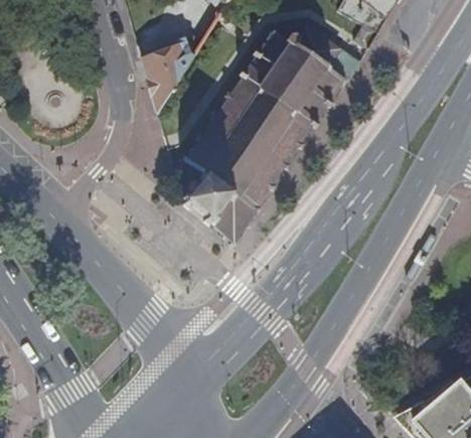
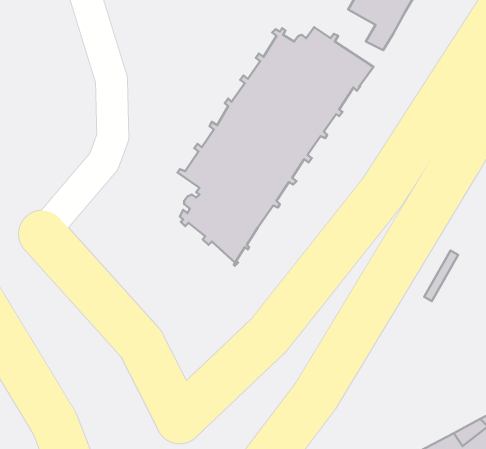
building: [142,31,199,112] -> none

